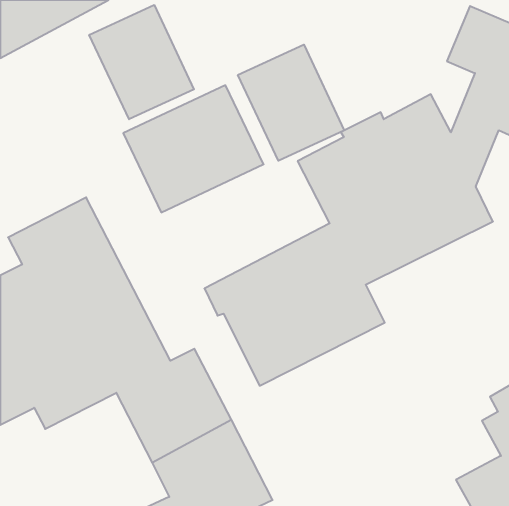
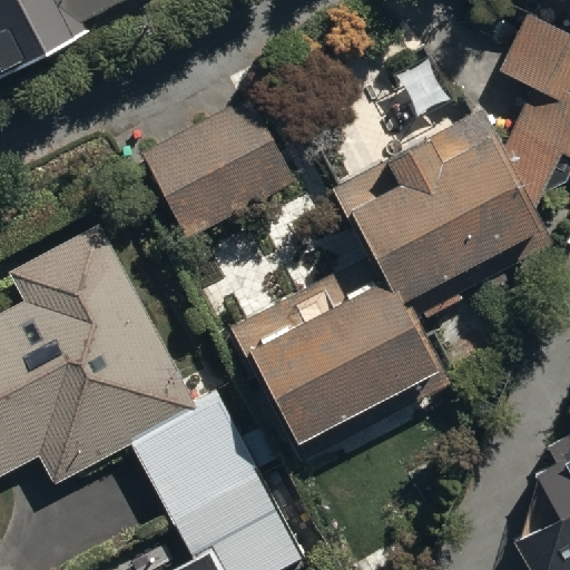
building: [89,5,194,119] -> none
building: [238,45,344,161] -> none

